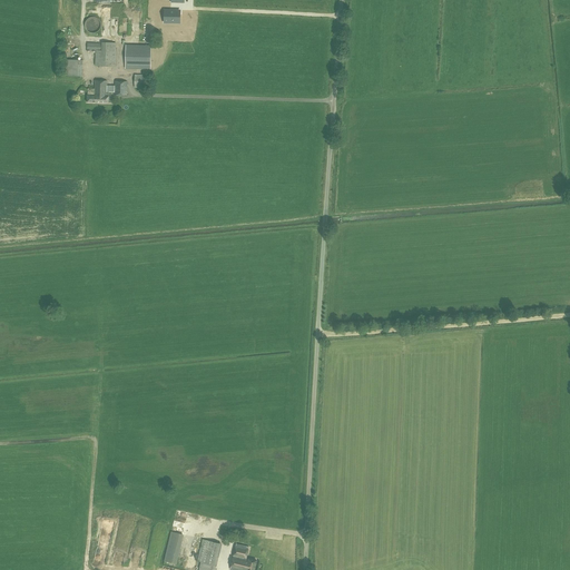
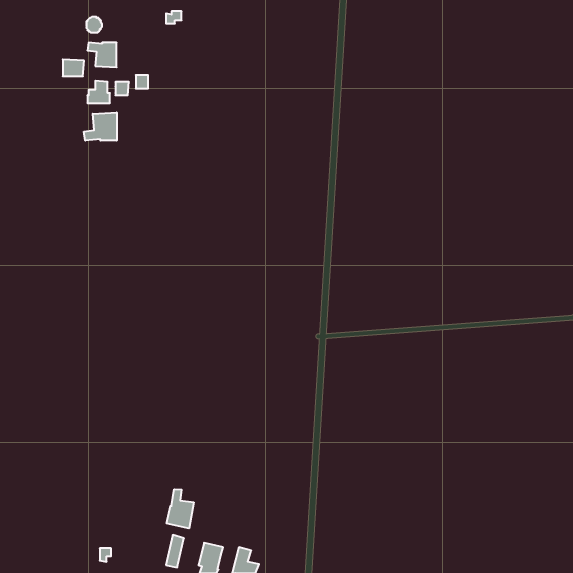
building: [126,45,151,69] -> none
building: none -> [84,112,117,141]
building: none -> [167,489,194,528]

